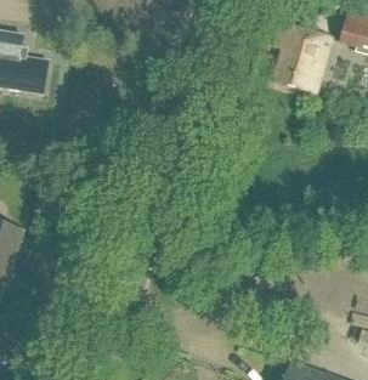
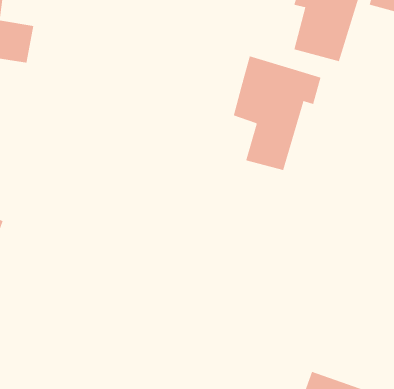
building: none -> [233,56,321,171]

